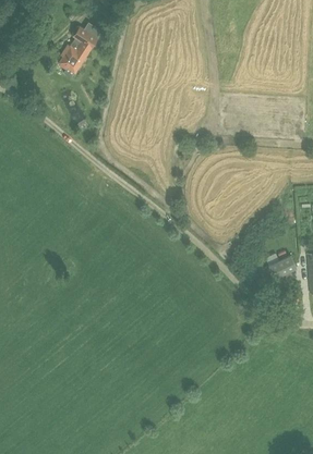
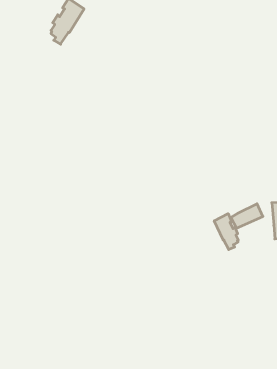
building: none -> [214,214,238,250]

